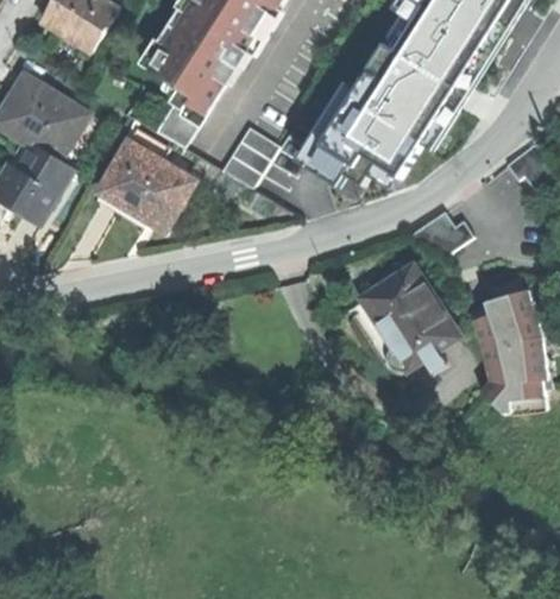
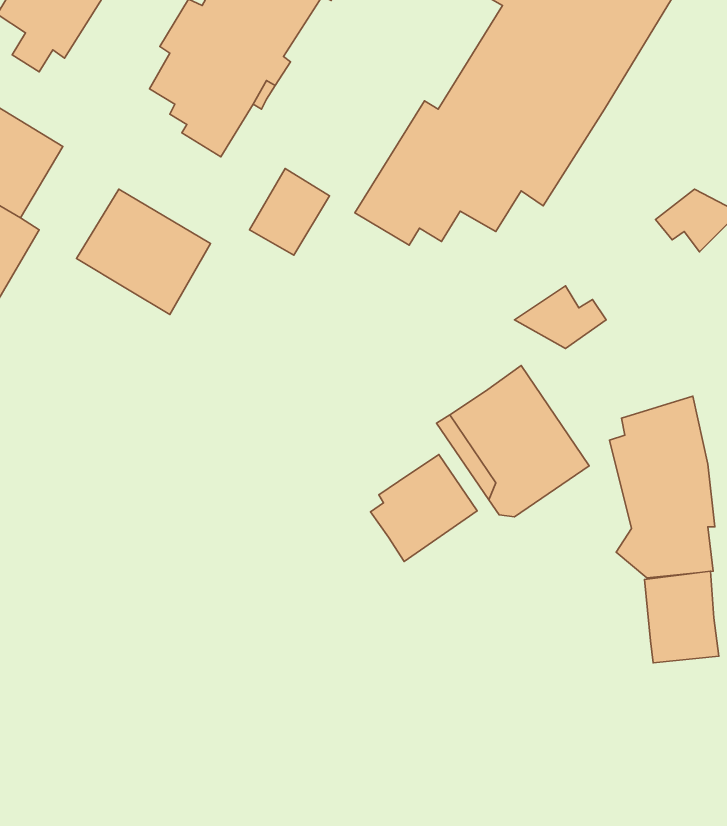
building: [157,101,202,146] -> none
building: none -> [370,455,477,561]
building: none -> [645,571,719,663]

